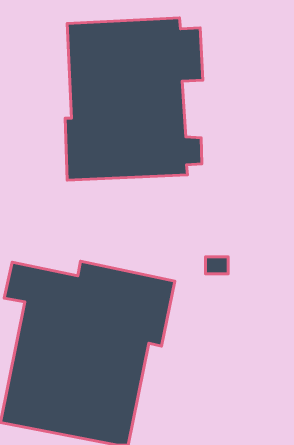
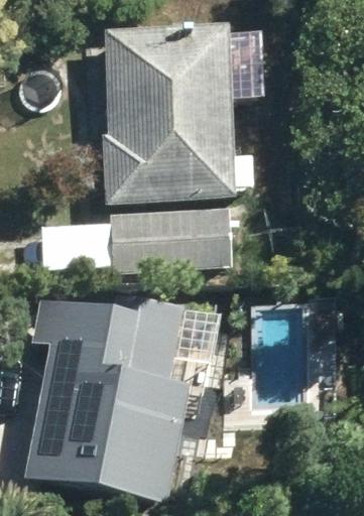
building: none -> [45,208,238,269]

